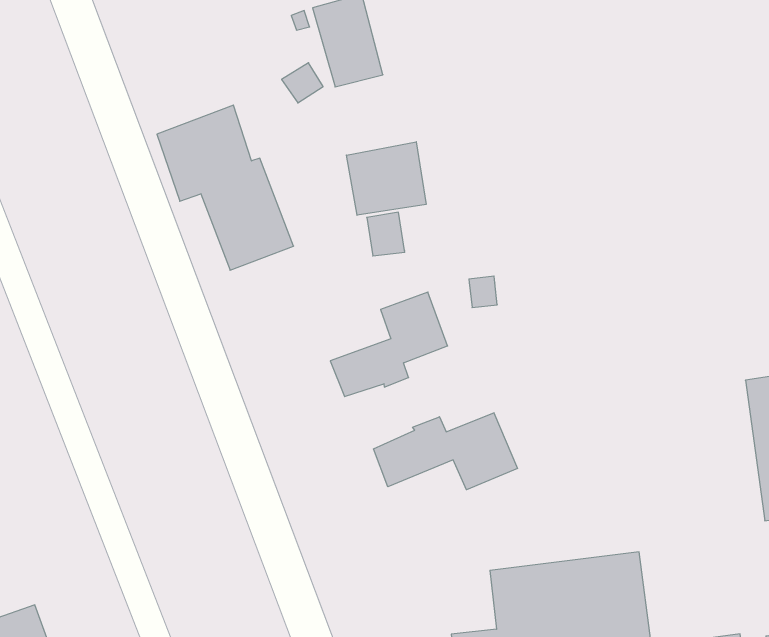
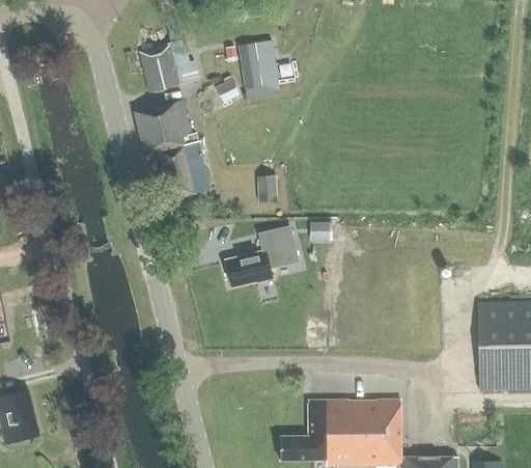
building: none -> [141,40,199,90]
building: [346,142,426,215] -> none
building: [373,413,517,490] -> none

